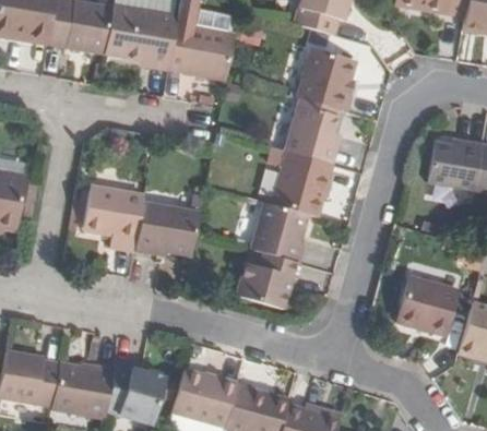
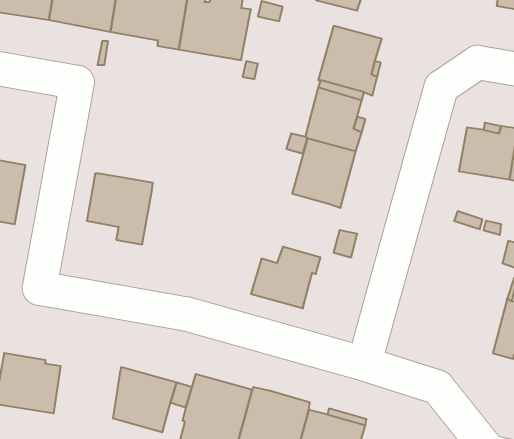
building: [134,201,200,255] -> none
building: [251,201,308,262] -> none
building: [395,274,460,334] -> none
building: [51,362,114,418] -> none

